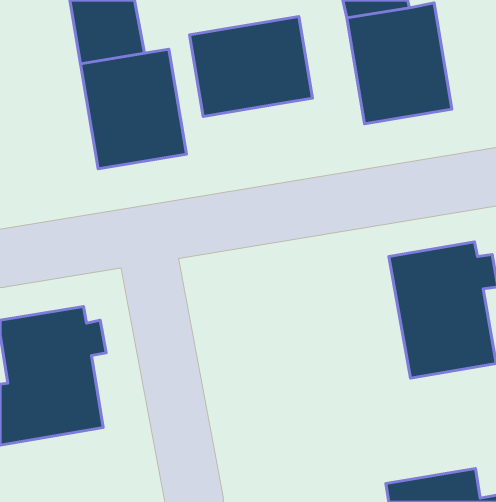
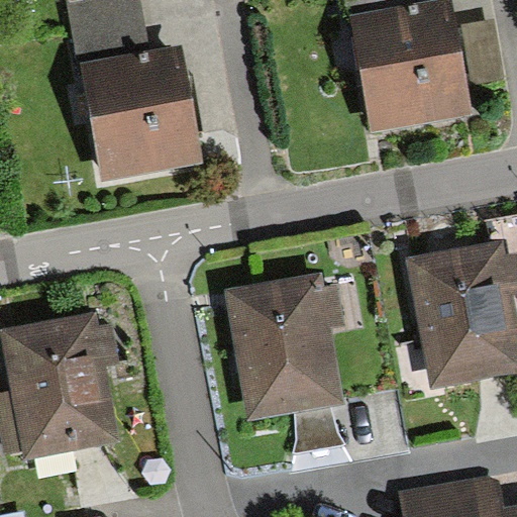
building: [189,16,313,116] -> none
building: none -> [227,278,339,419]

